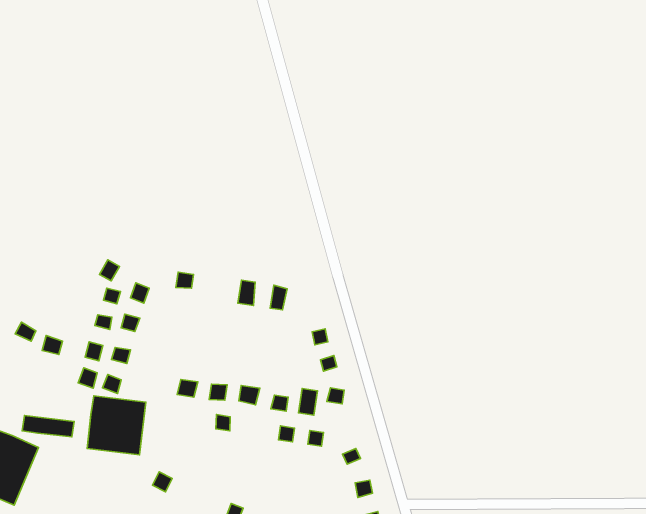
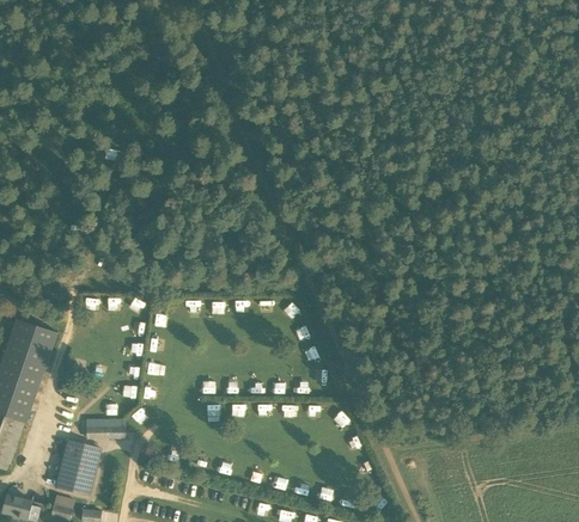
building: [87,396,146,455] -> none

